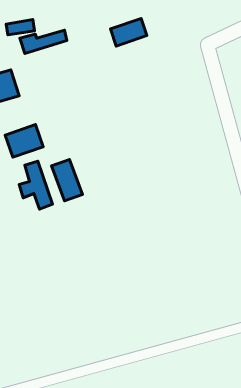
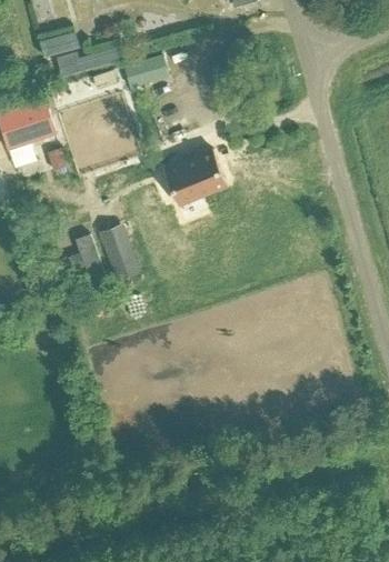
building: [110,18,147,46] -> [121,51,171,89]
building: none -> [166,152,228,207]
building: [5,125,43,157] -> none

